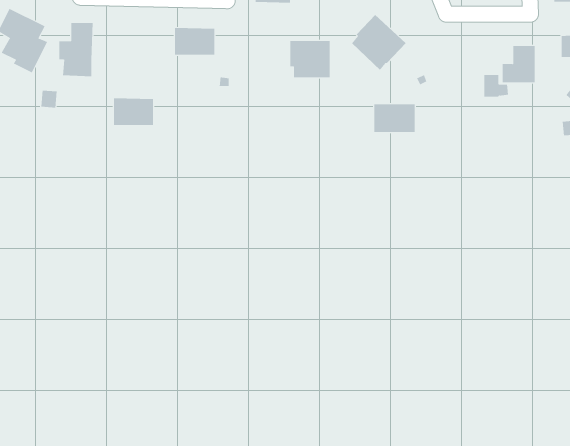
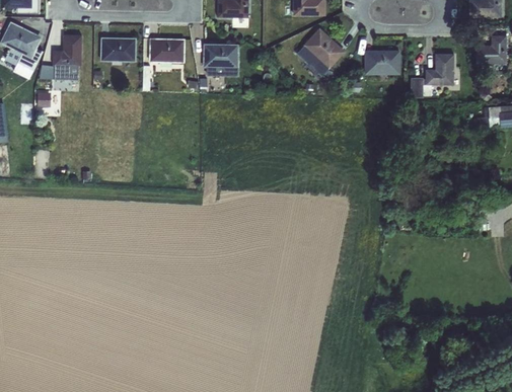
building: [290,40,331,78] -> [203,44,237,75]
building: [113,98,154,125] -> [100,36,135,60]
building: [373,104,416,133] -> [364,50,399,74]

